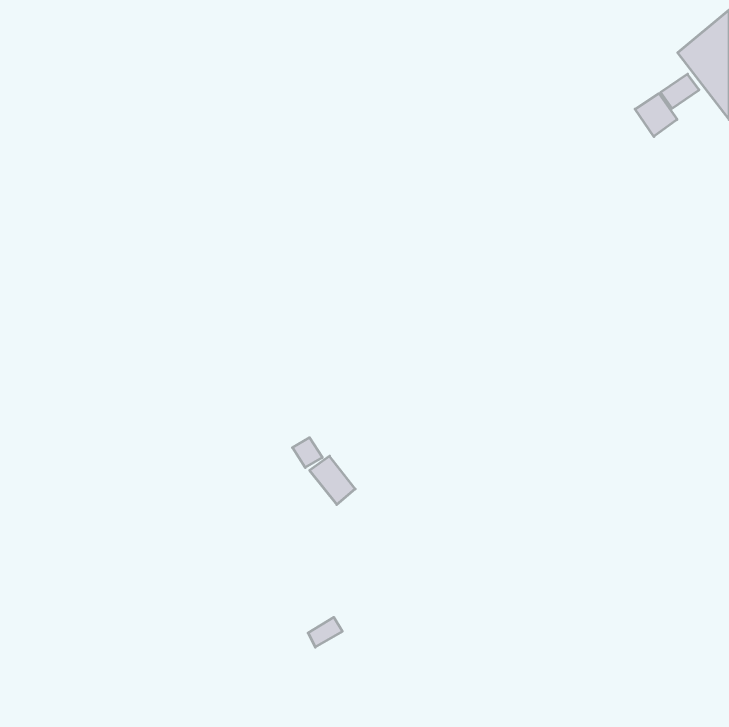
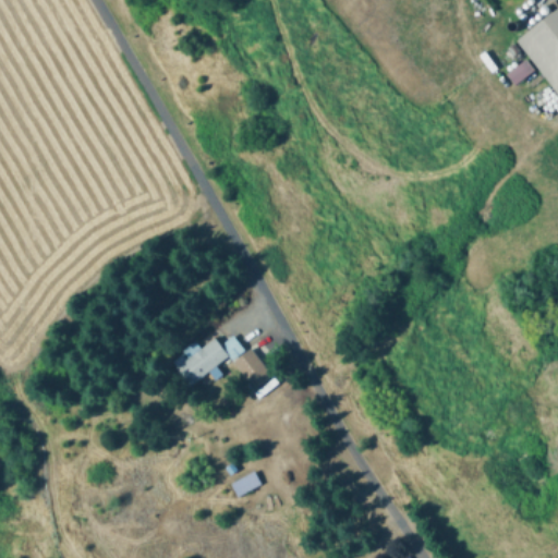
building: [635,94,677,137] -> none
building: none -> [177,339,228,384]

